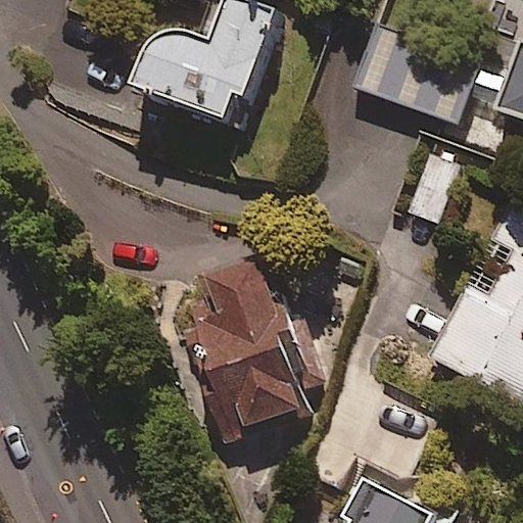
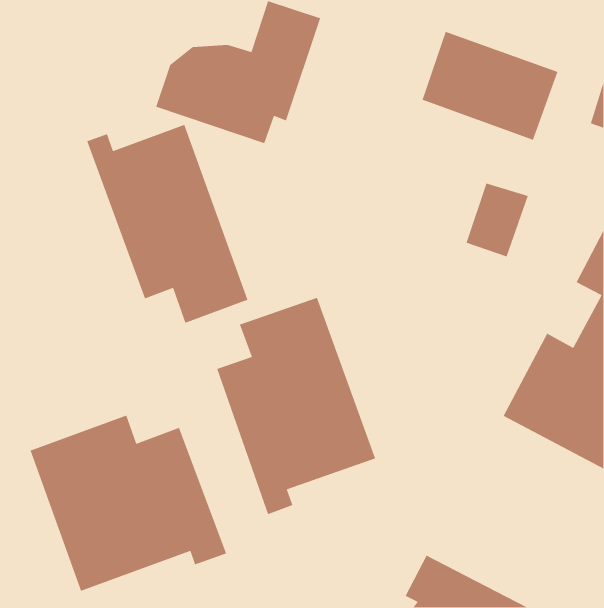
building: none -> [86,124,248,324]
building: none -> [30,414,227,592]

